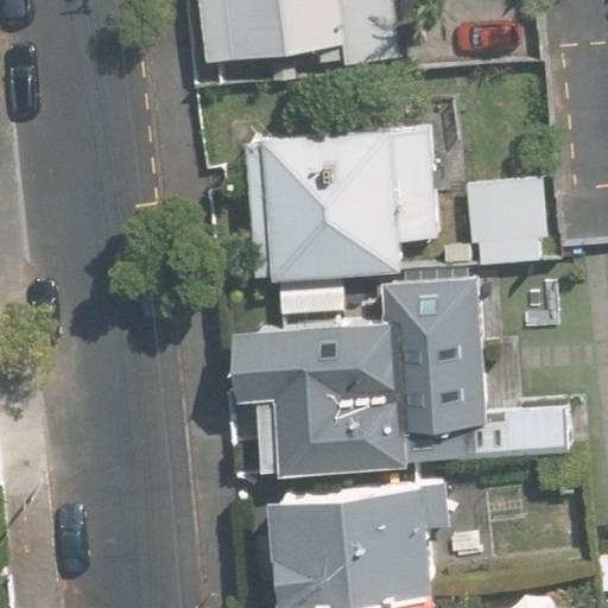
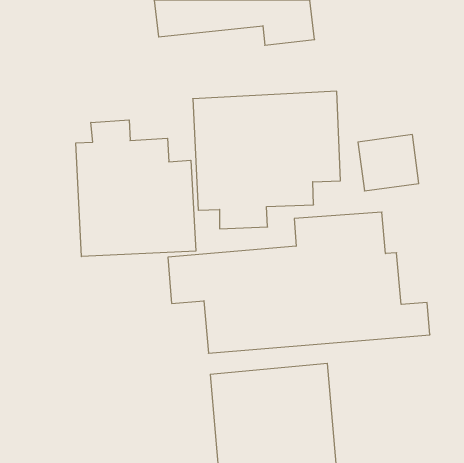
building: none -> [76,120,196,257]

